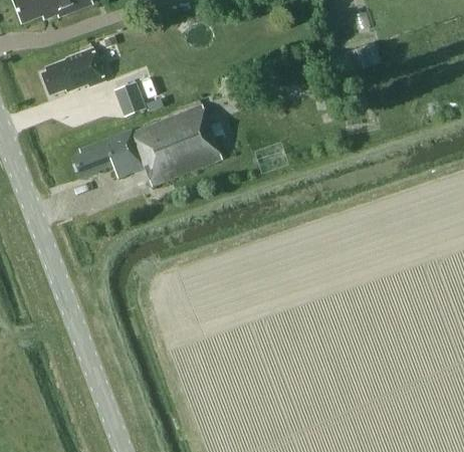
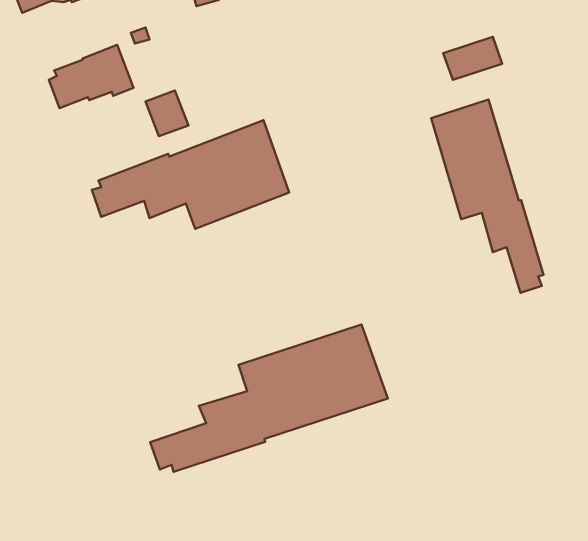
building: none -> [431,100,544,293]
building: none -> [150,325,388,472]

